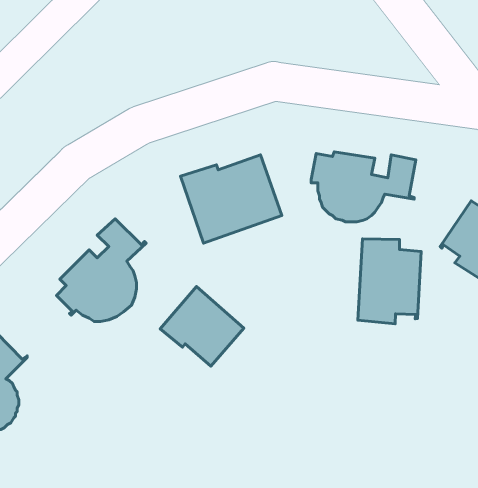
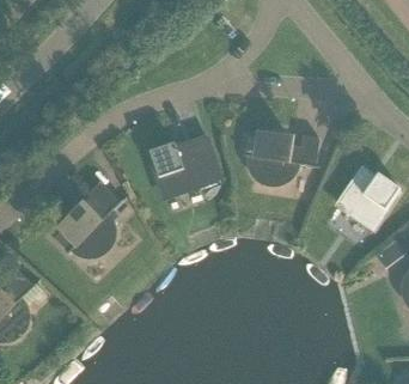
building: [358,239,421,324] -> none
building: [160,287,244,366] -> none

